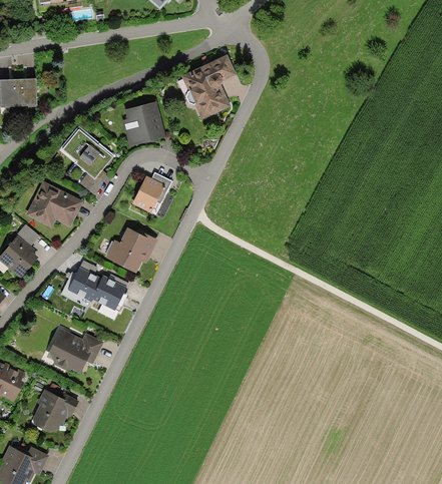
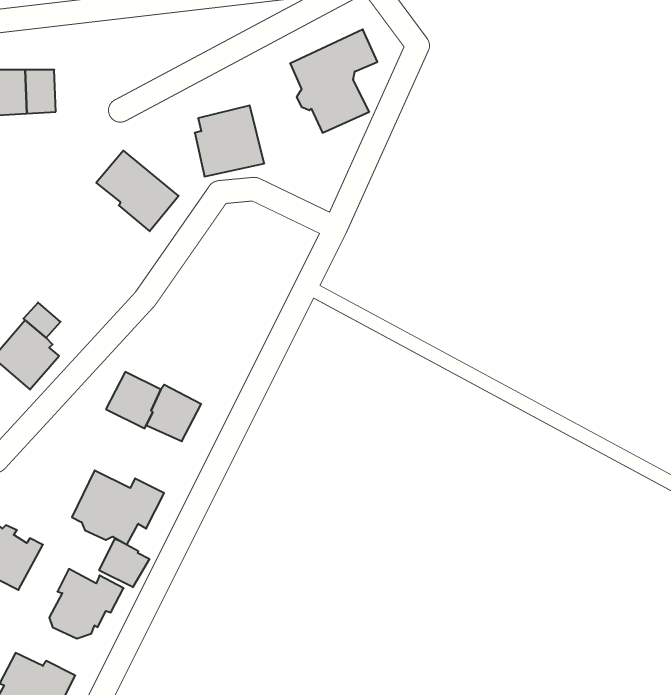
building: [131,172,171,213] -> none
building: [25,180,83,227] -> none
building: [105,227,157,273] -> none
building: none -> [99,539,149,587]

